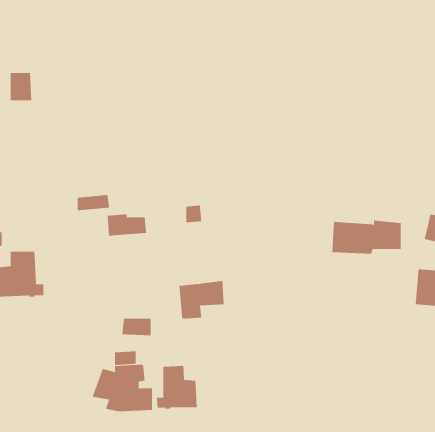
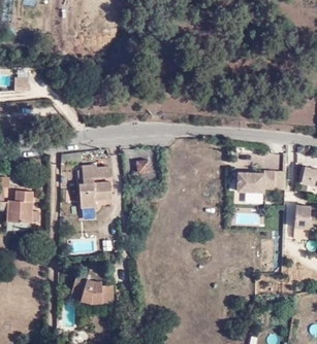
building: [178,281,225,319] -> [78,184,110,211]
building: [157,365,197,410] -> none

